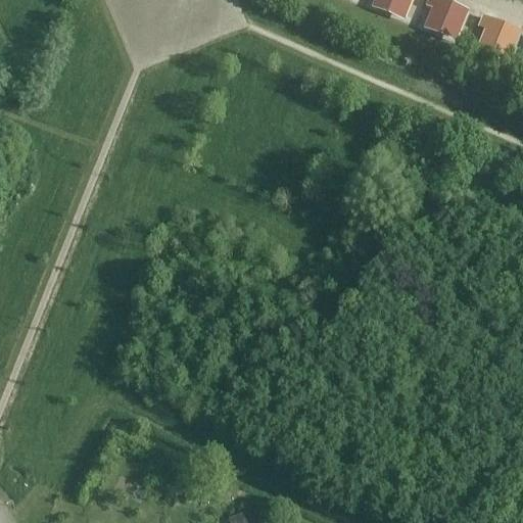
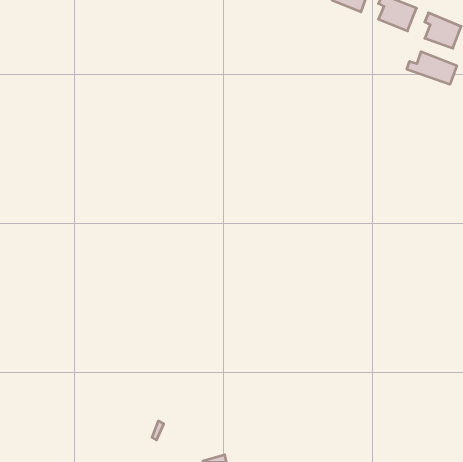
building: none -> [407,52,457,84]

